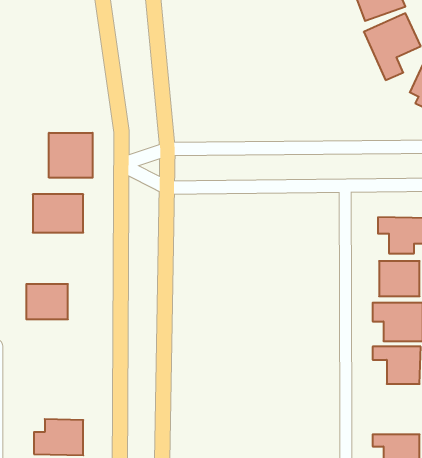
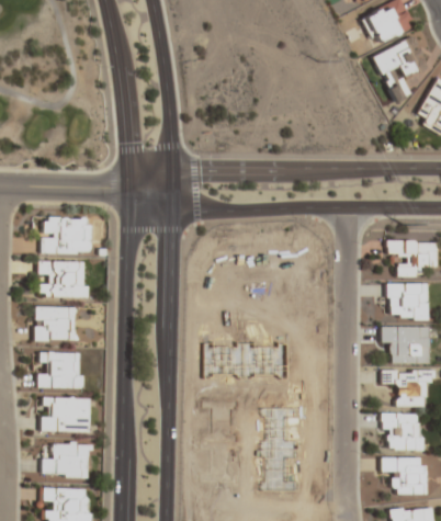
building: [49,133,93,178] -> none
building: none -> [37,260,86,297]
building: none -> [37,351,81,388]
building: none -> [41,396,89,432]
building: none -> [382,412,422,449]

